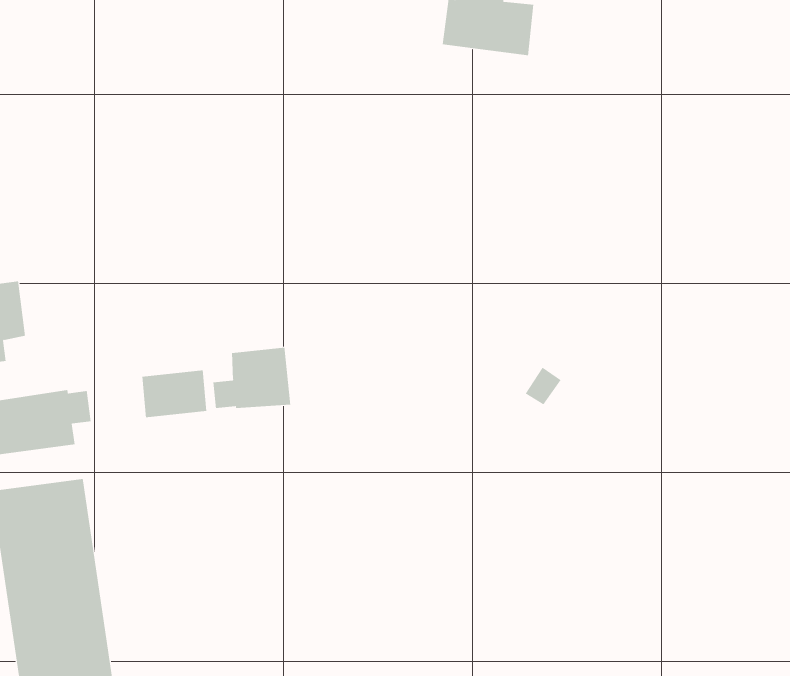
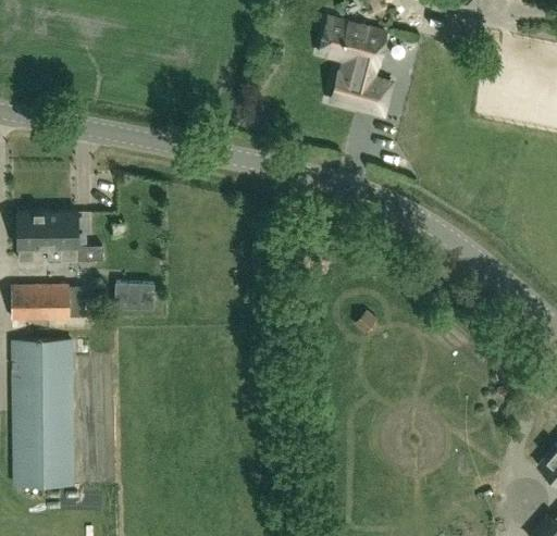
building: none -> [47,212,77,261]
building: [213,347,291,409] -> none

